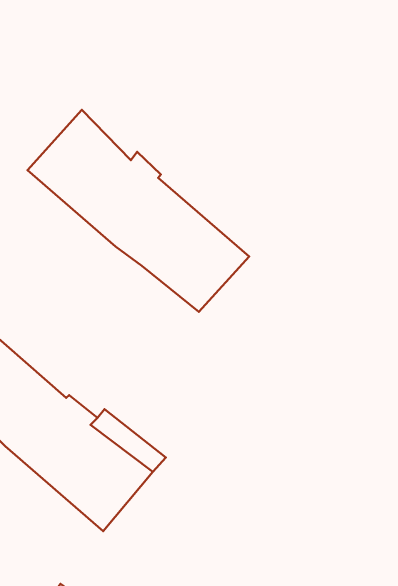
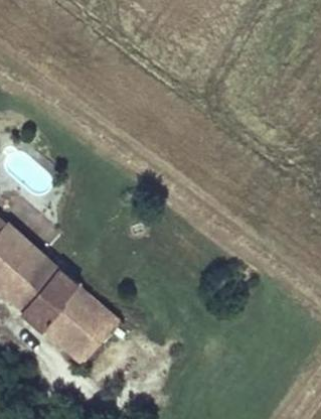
building: [27,110,249,312] -> none

